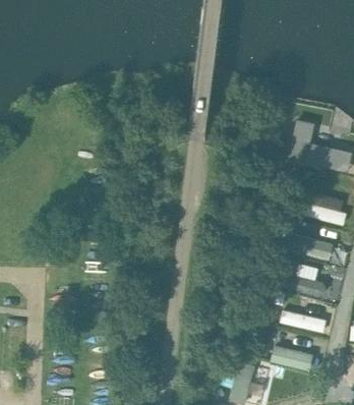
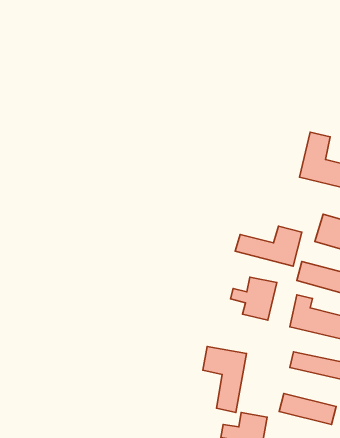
building: none -> [235,226,302,266]
building: none -> [231,277,277,320]
building: none -> [203,346,247,413]

